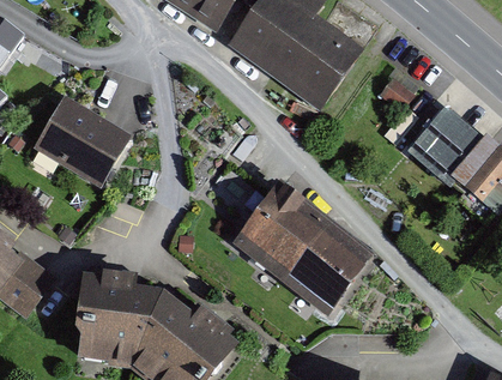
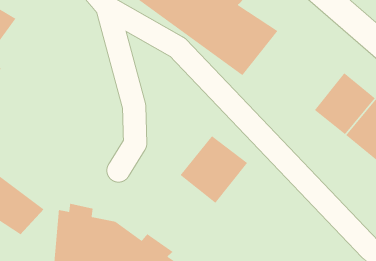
building: [32,98,132,186] -> none
building: [284,219,371,308] -> none

